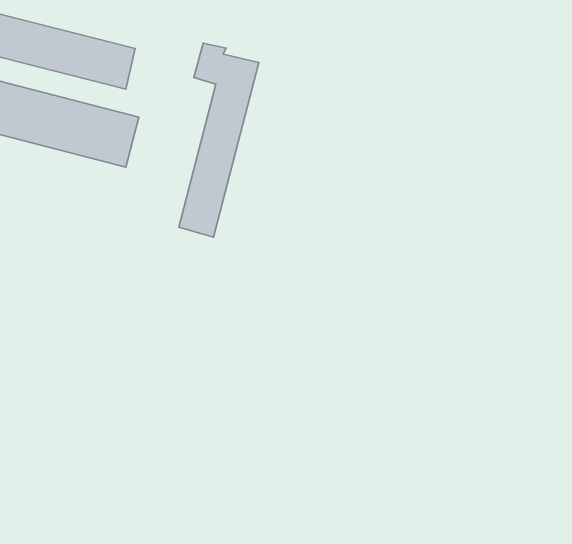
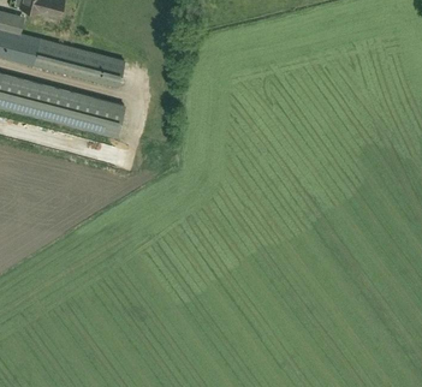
building: [179,43,259,237] -> none

